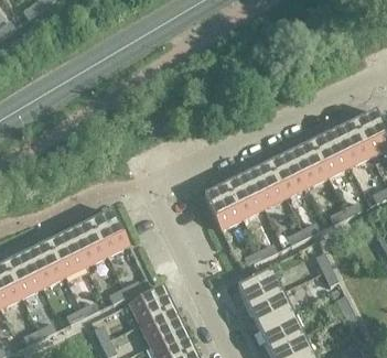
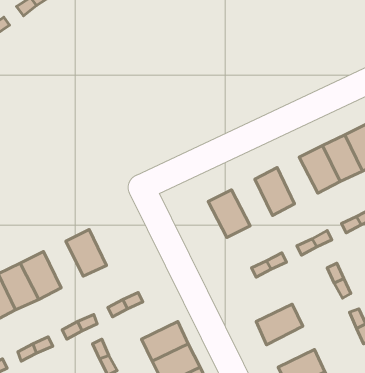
building: [268,152,307,196] -> none
building: [225,173,264,217] -> none
building: [90,209,129,254] -> none
building: [47,231,85,275] -> none
building: [237,269,282,307] -> none
building: [129,285,174,324] -> none
building: [258,312,303,350] -> none

